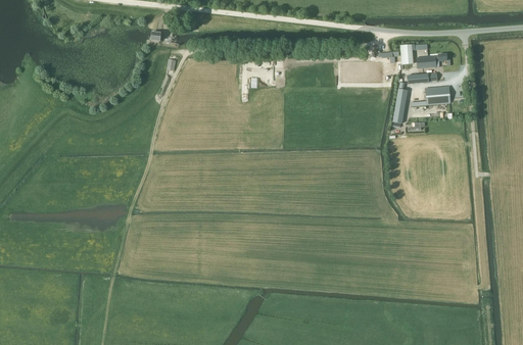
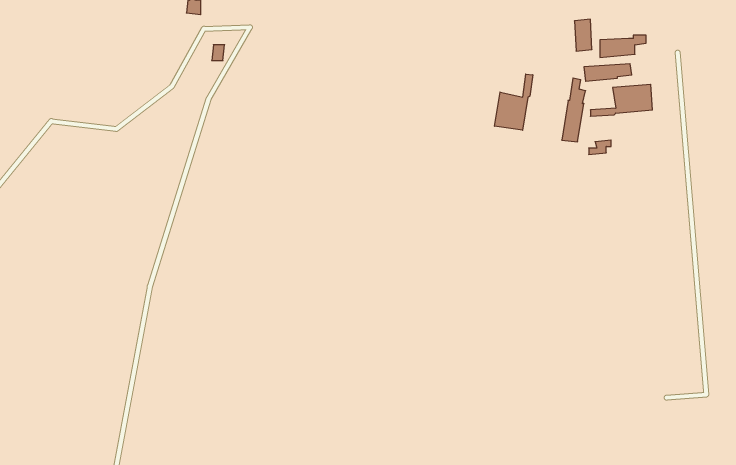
building: none -> [495,74,533,130]

